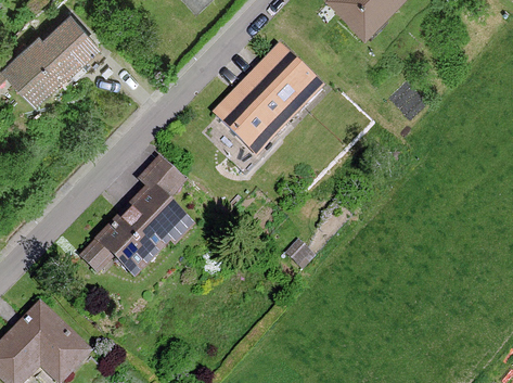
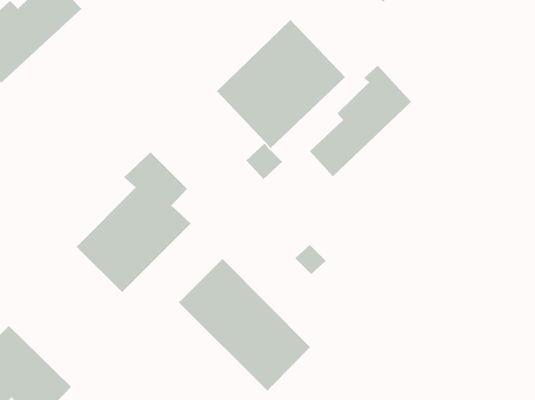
building: none -> [309,65,412,177]
building: none -> [178,258,311,392]

